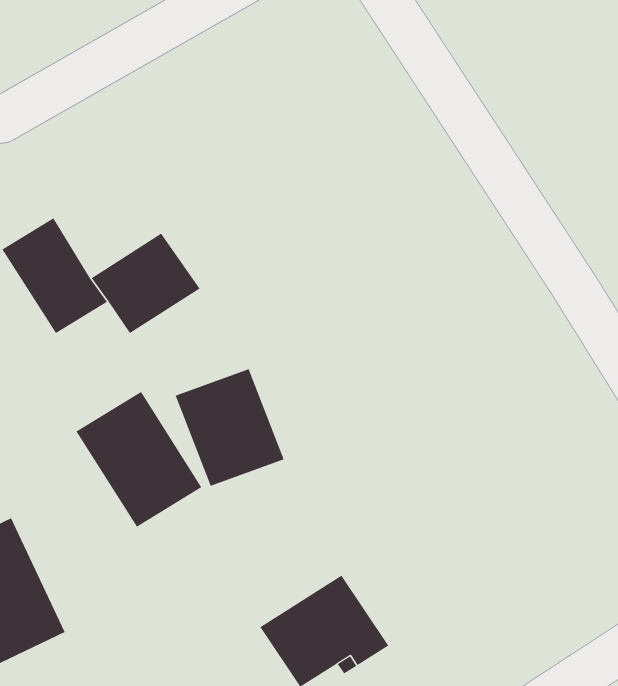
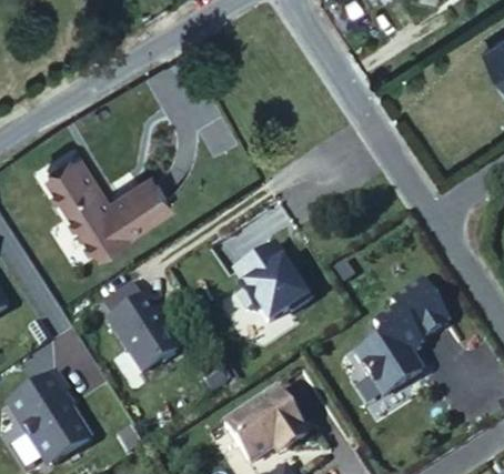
building: none -> [85,219,134,262]
building: [175,369,284,487] -> [231,234,303,312]
building: none -> [350,284,444,402]

